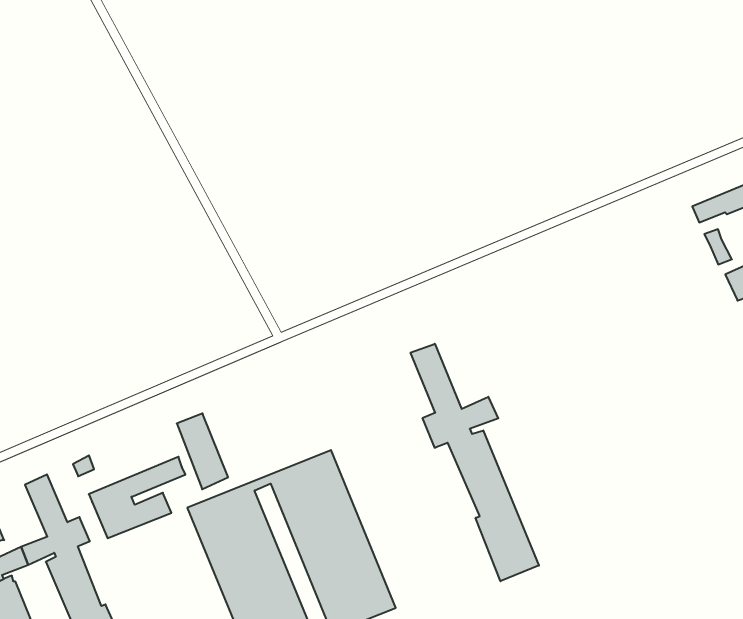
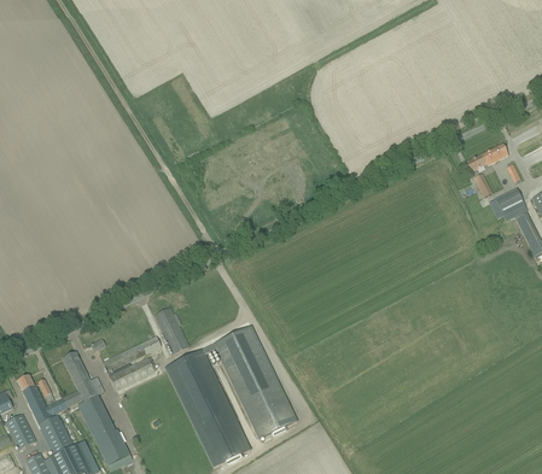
building: [411,344,539,581] -> none

